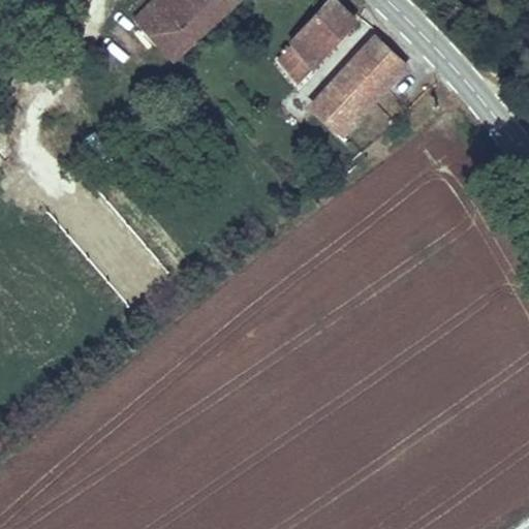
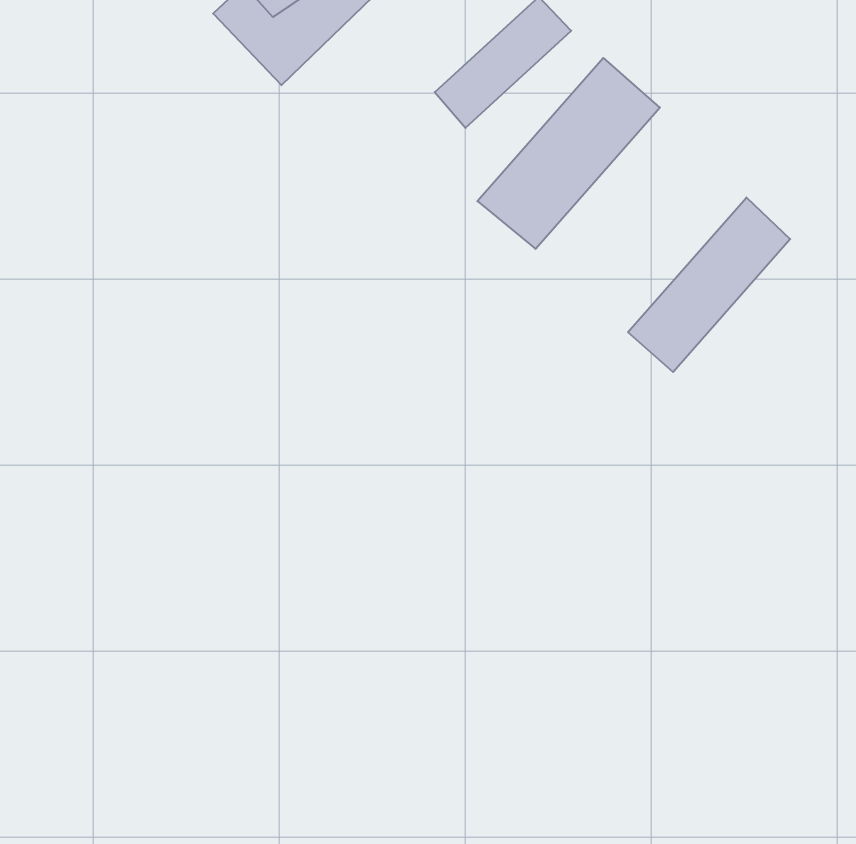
building: none -> [628,197,790,372]

